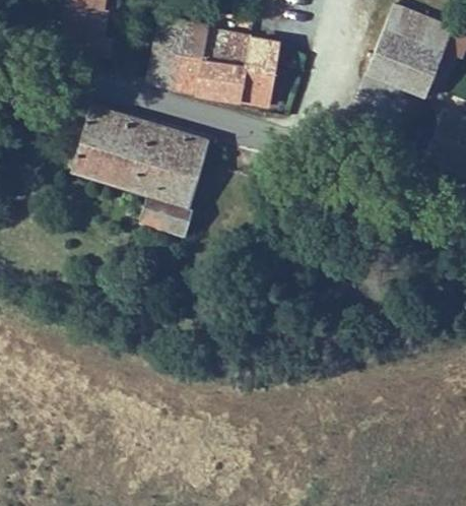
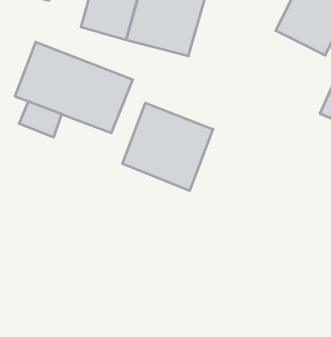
building: none -> [122,103,213,191]
building: [140,195,189,234] -> [19,102,62,137]

